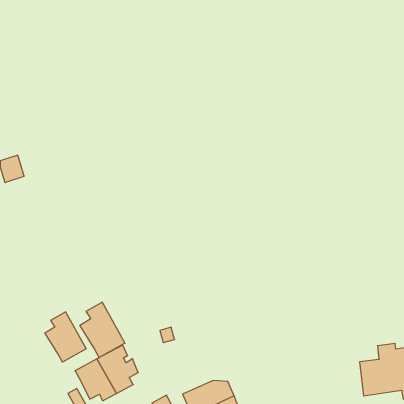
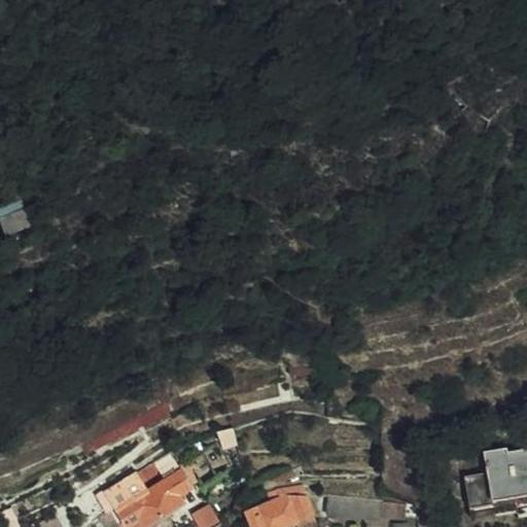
building: [80,302,125,358] -> none
building: [45,312,86,362] -> none

